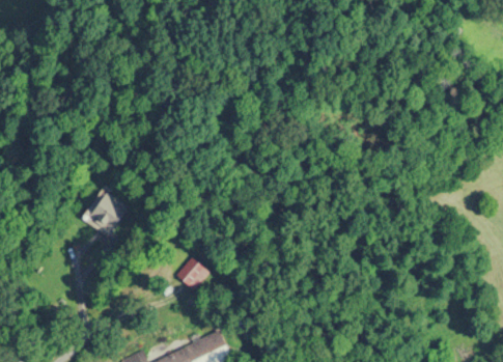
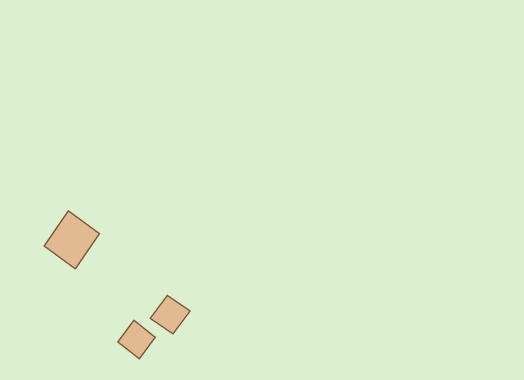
building: none -> [118,320,155,359]

